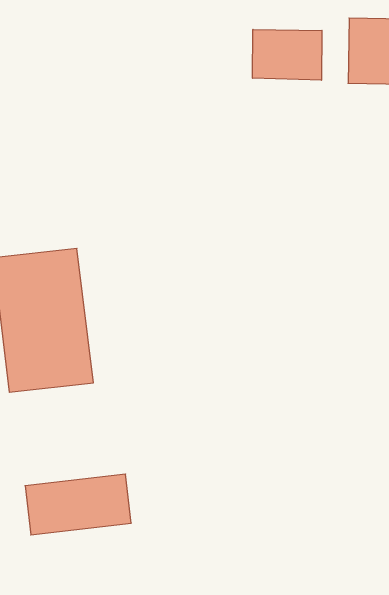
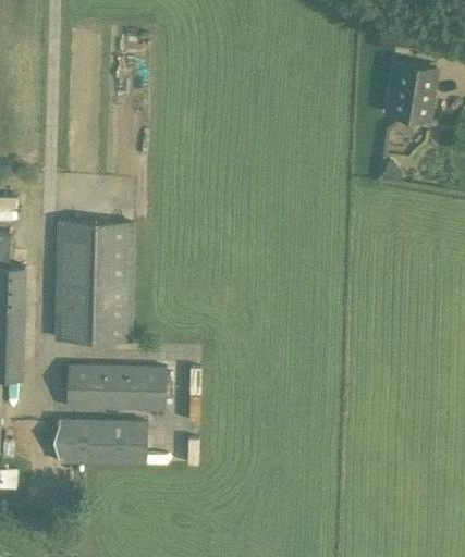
building: [253,29,322,80] -> none
building: none -> [66,364,166,409]

